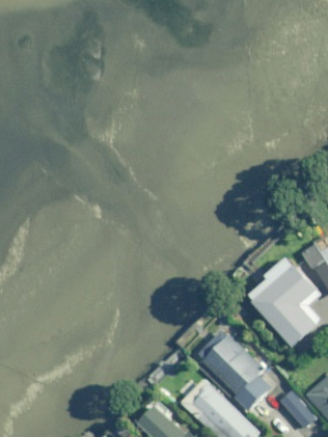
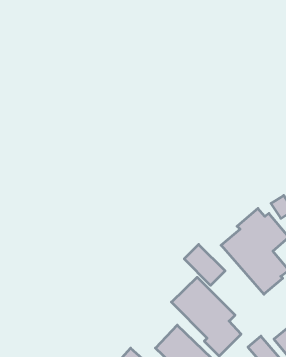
building: none -> [184,244,225,285]

